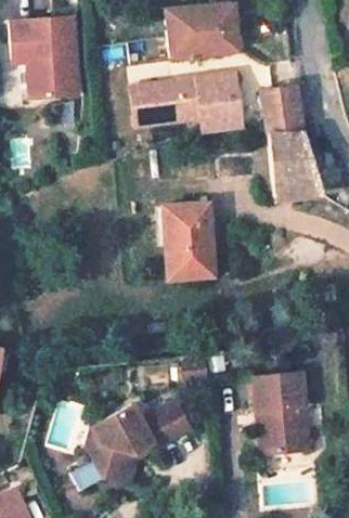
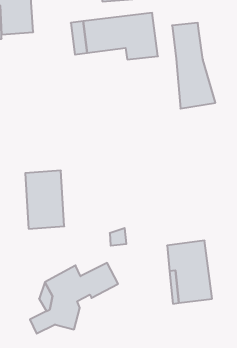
building: [159,199,210,275] -> [25,171,64,229]

